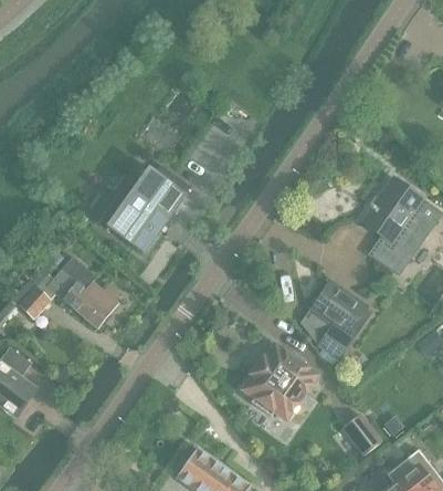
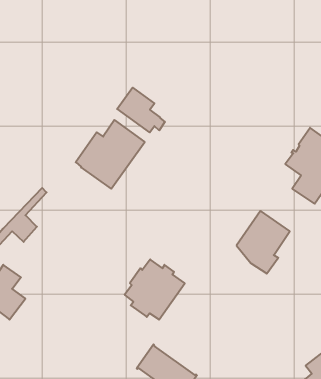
building: none -> [117,88,165,132]
building: [46,258,119,327] -> none
building: [243,344,318,419] -> [125,259,185,320]
building: [342,412,382,455] -> none

